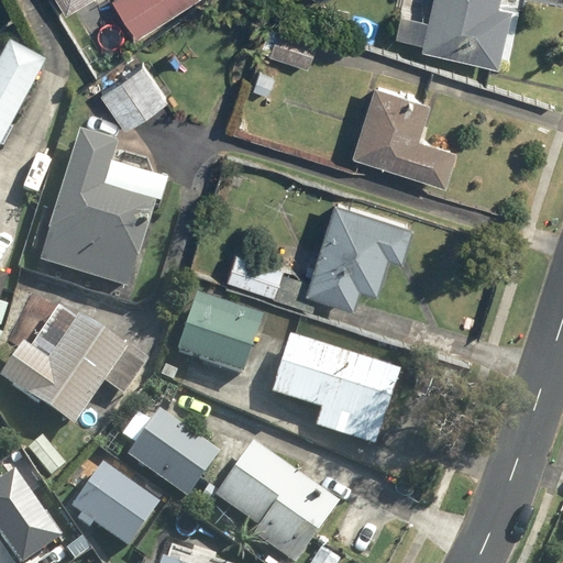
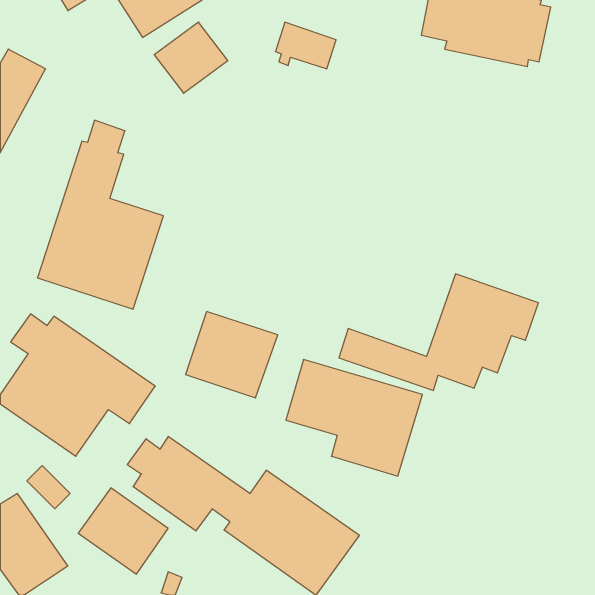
building: [100,59,169,126] -> [154,22,228,93]
building: [352,79,456,181] -> none
building: [225,197,413,307] -> [339,274,538,390]

